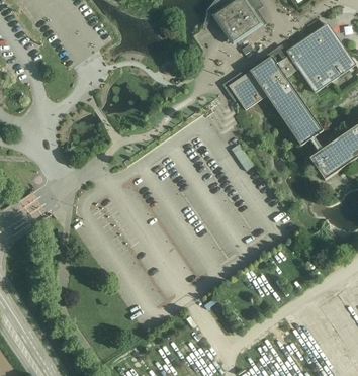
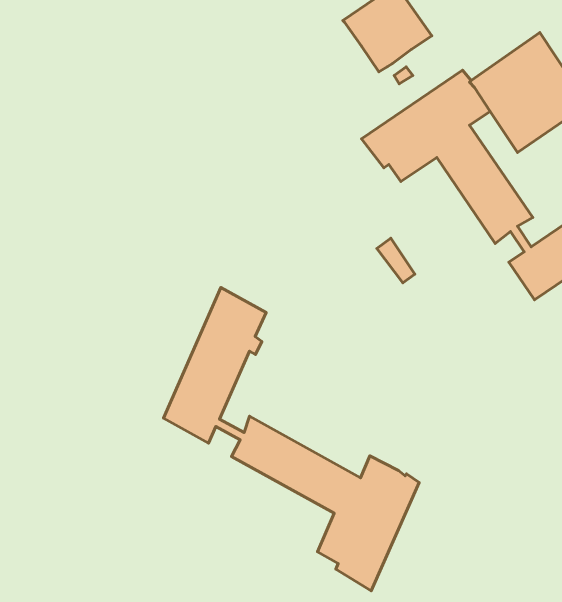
building: none -> [163,287,419,591]

